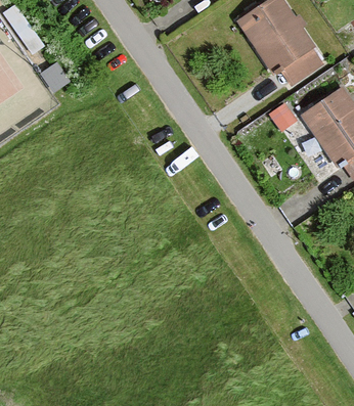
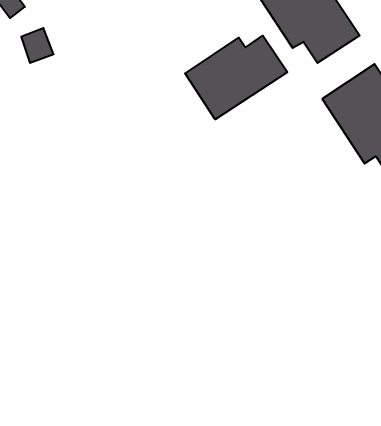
building: none -> [185,36,287,119]

